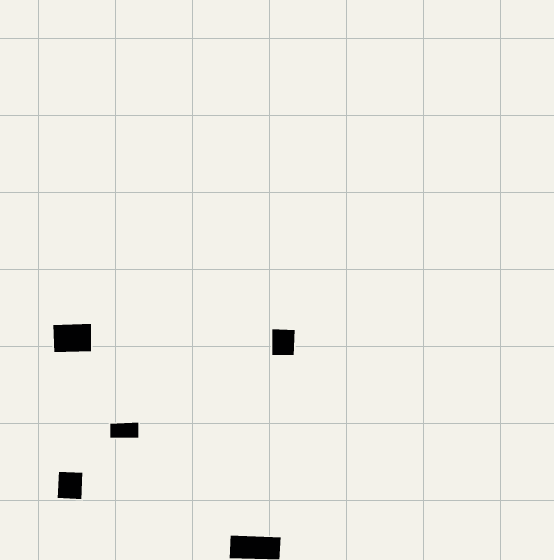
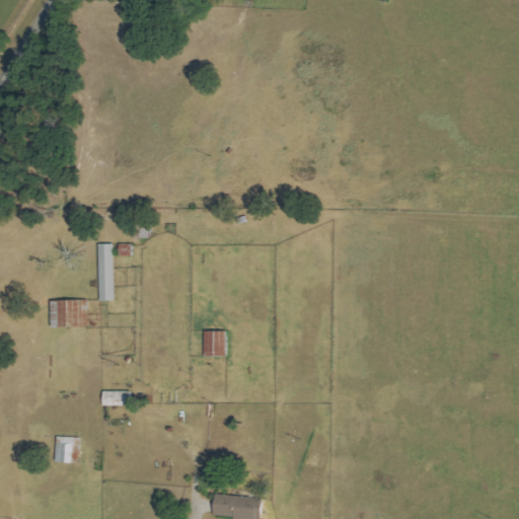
building: none -> [96,243,113,300]
building: [271,329,295,356] -> [203,330,225,356]

